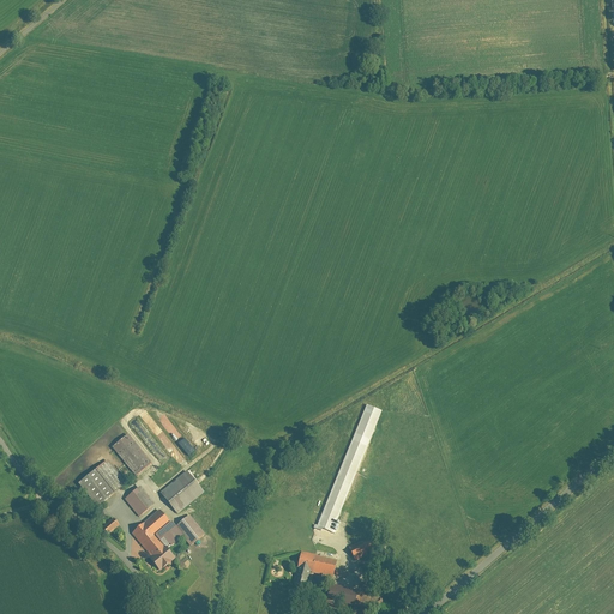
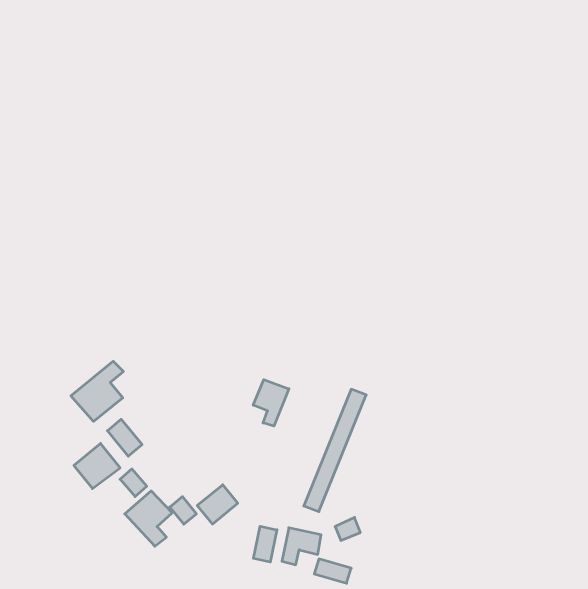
building: none -> [71,361,123,421]
building: none -> [253,380,289,426]
building: [159,471,201,512] -> [197,485,238,524]
building: none -> [253,526,277,562]

